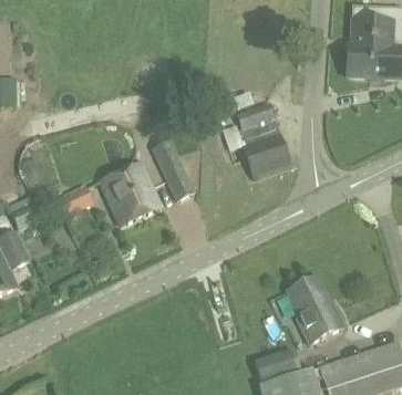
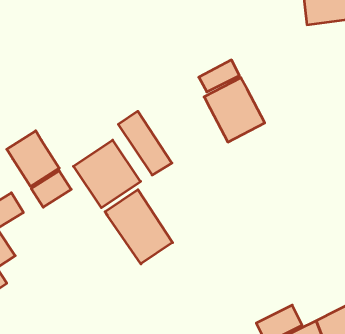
building: none -> [7,131,59,186]
building: none -> [105,190,173,264]
building: [287,276,343,342] -> none

